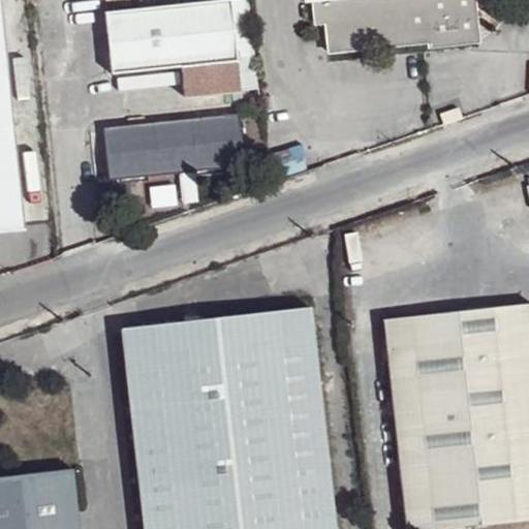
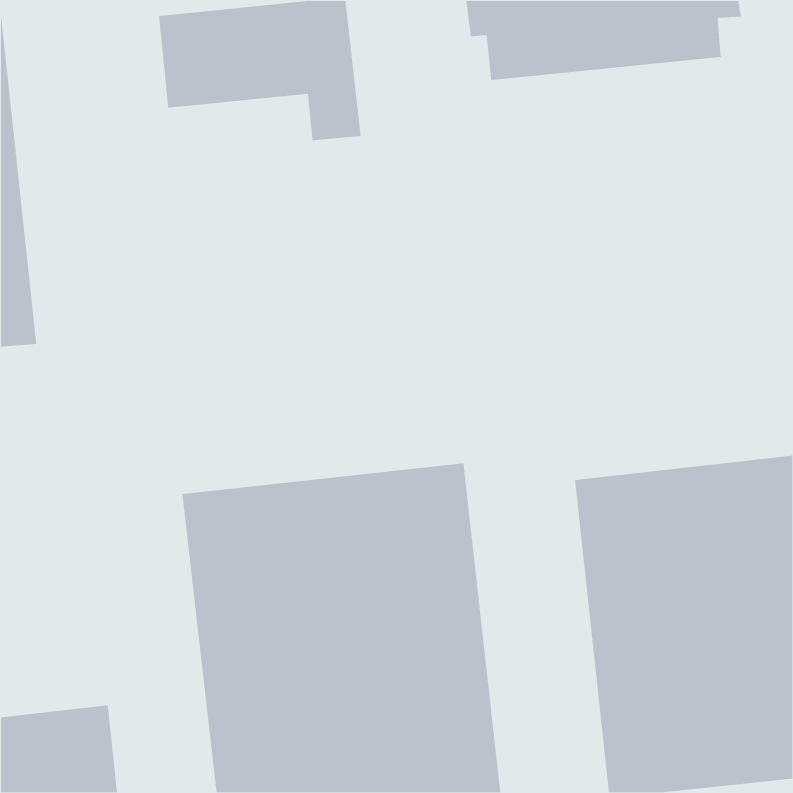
building: [105,114,244,180] -> none

